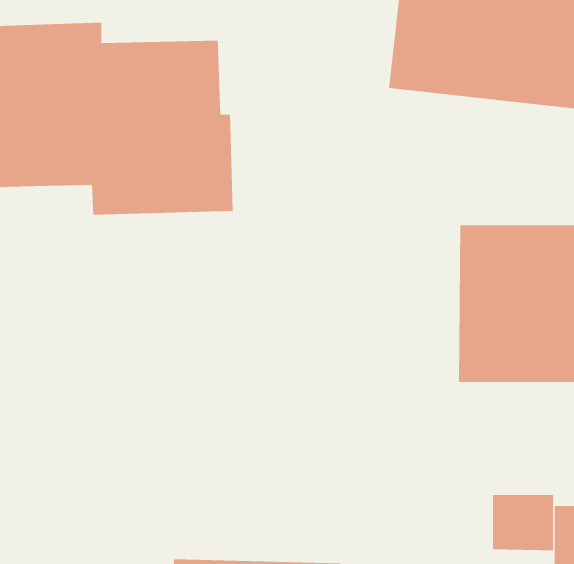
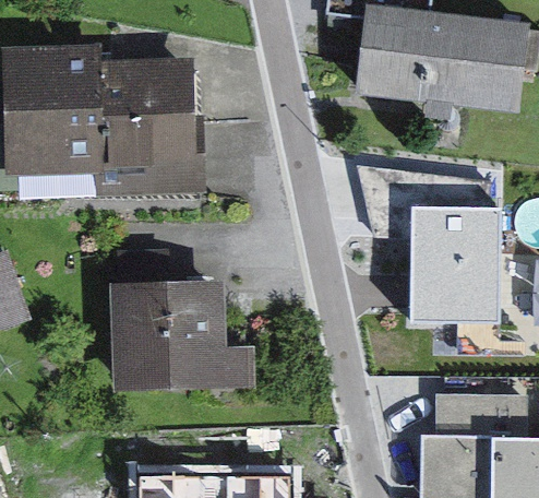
building: none -> [106,282,249,391]

